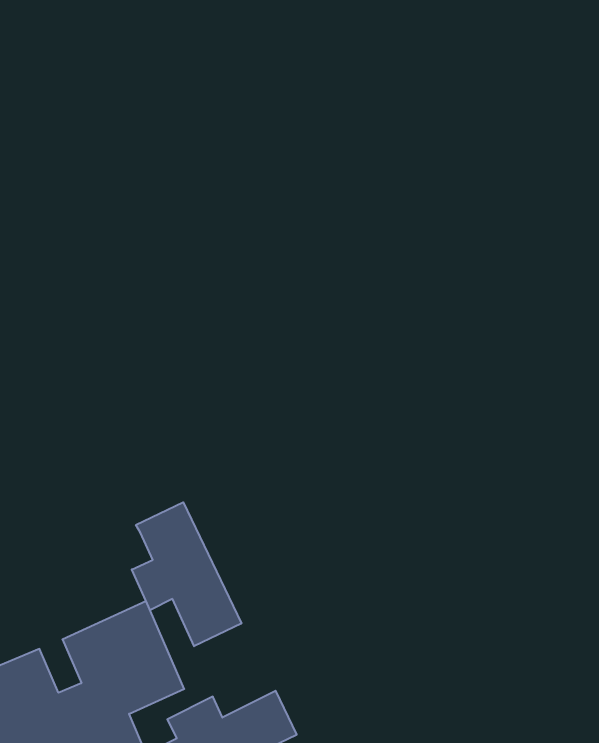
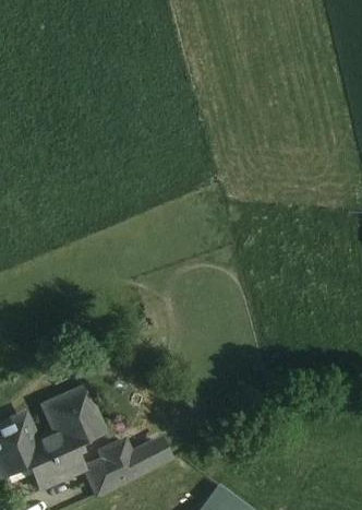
building: [132,502,241,646] -> none

